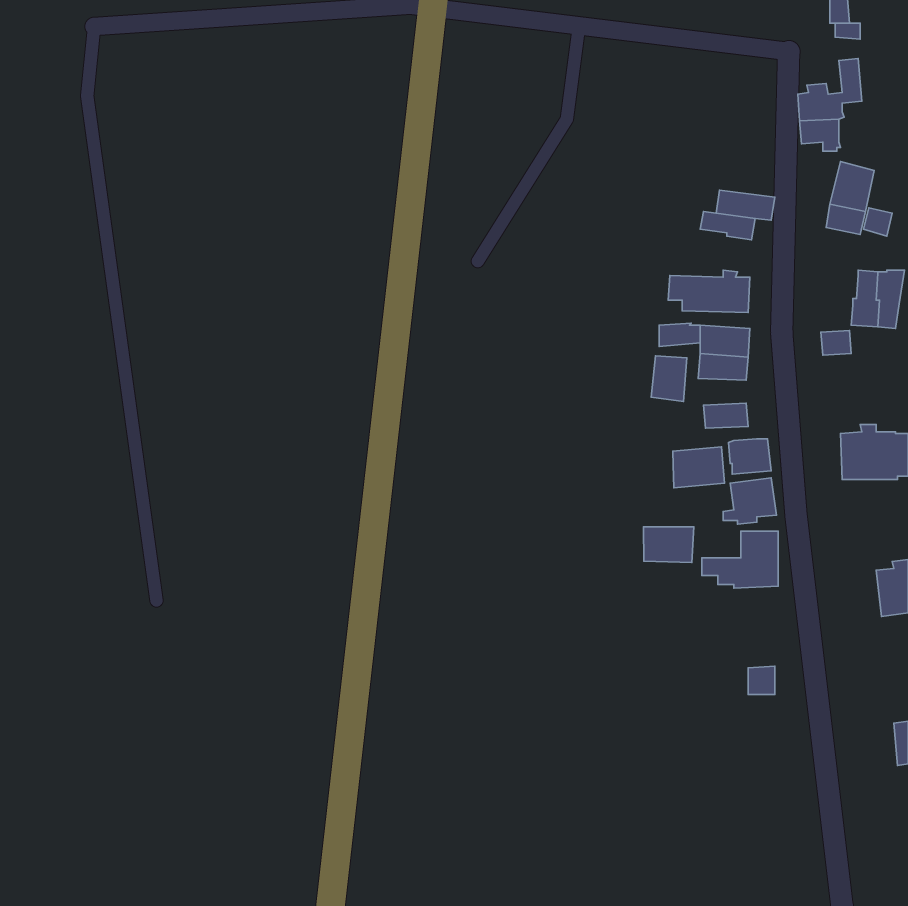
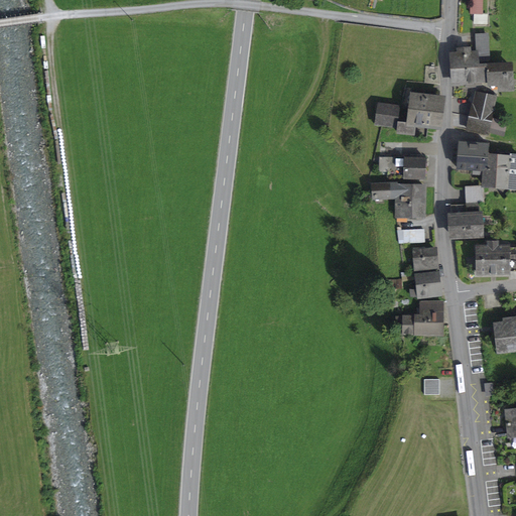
building: none -> [476,63,511,89]
building: none -> [408,88,441,112]
building: none -> [377,103,399,126]
building: none -> [458,141,488,169]
building: [651,356,687,401] -> none
building: none -> [450,203,482,235]
building: [673,447,725,488] -> none
building: [643,527,694,562] -> none

